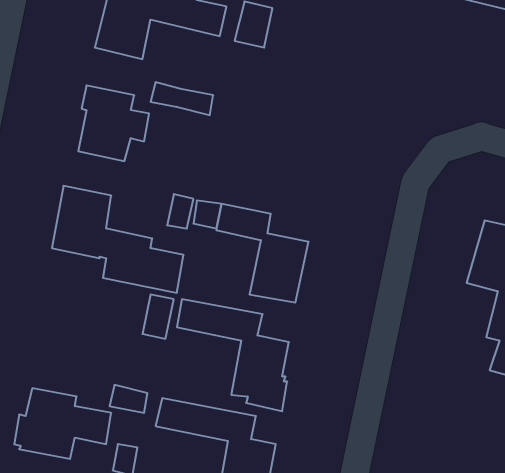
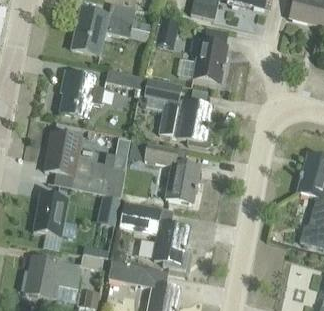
building: none -> [190,39,228,83]
building: none -> [144,79,213,147]
building: none -> [33,193,68,236]

